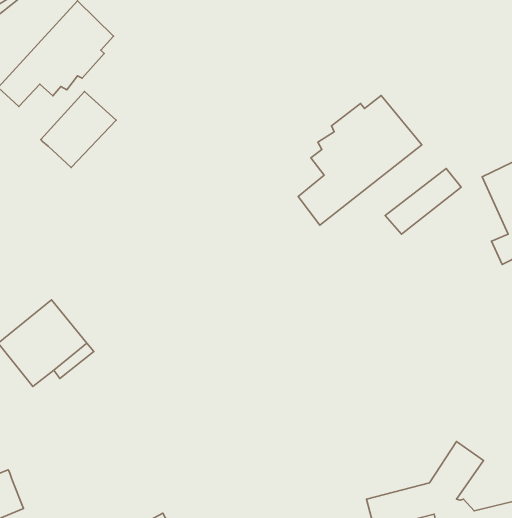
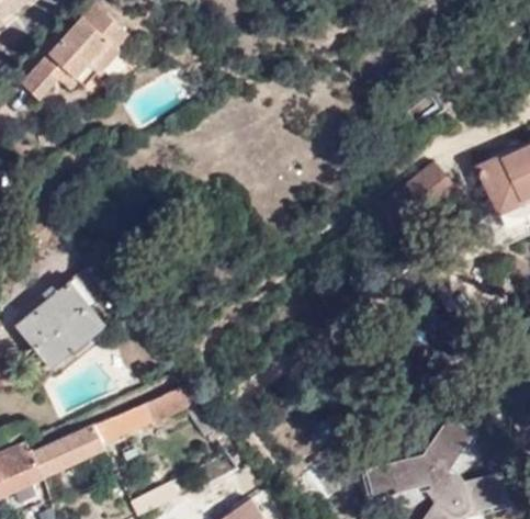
building: [41,92,116,168] -> none
building: [298,95,422,225] -> none
building: none -> [32,390,191,478]

